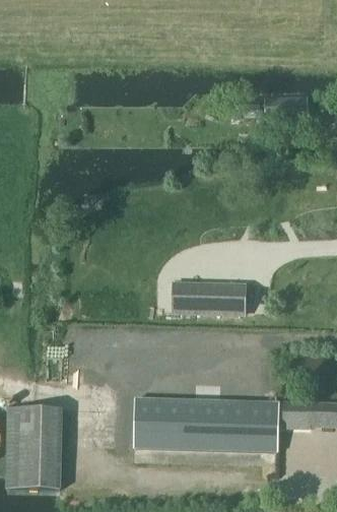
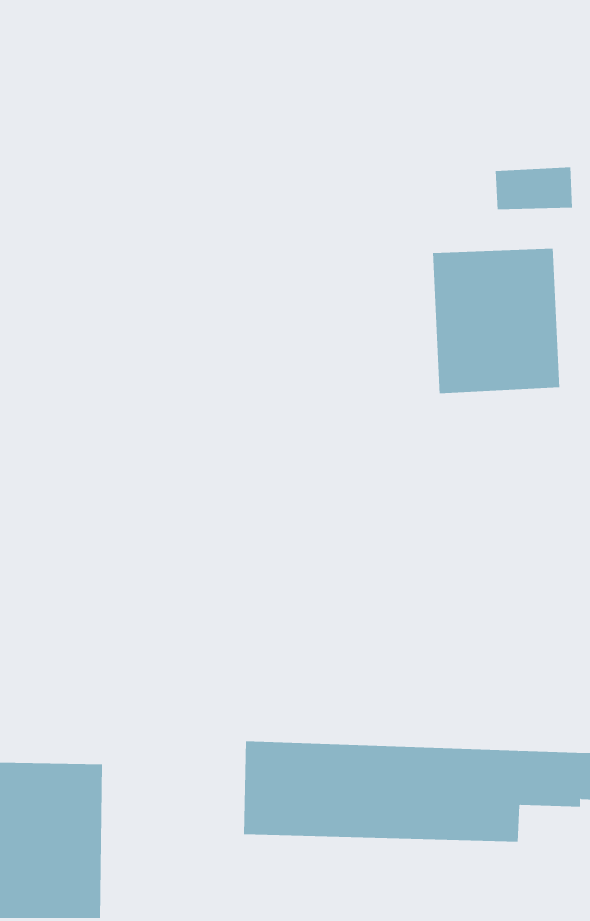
building: none -> [432,248,560,394]
building: [172,282,244,314] -> none

